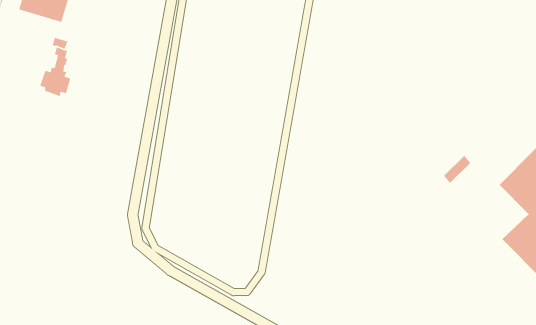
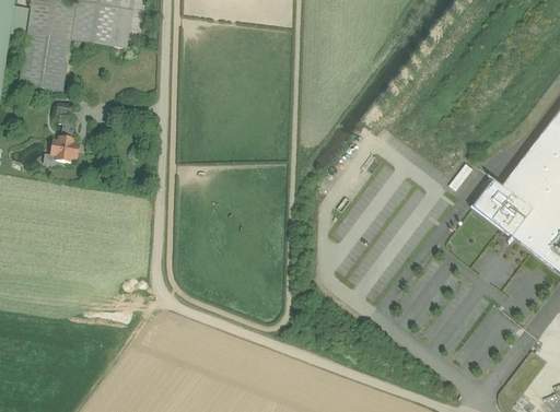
building: none -> [472,176,536,236]

